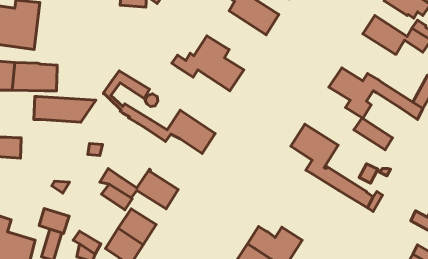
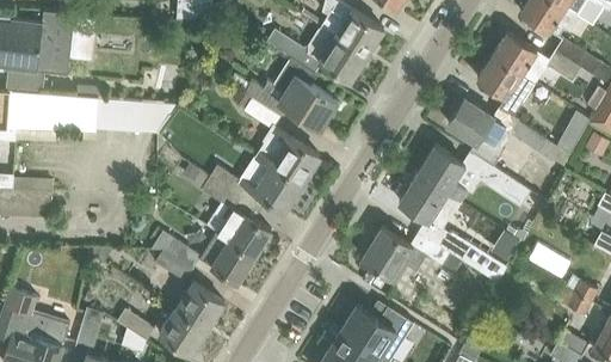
building: none -> [267,26,366,82]
building: none -> [477,56,533,116]
building: none -> [245,99,319,185]
building: [34,96,96,122] -> [95,99,175,133]
building: none -> [416,146,467,201]
building: none -> [200,178,271,258]
building: none -> [362,228,461,283]
building: [39,209,69,233] -> none

